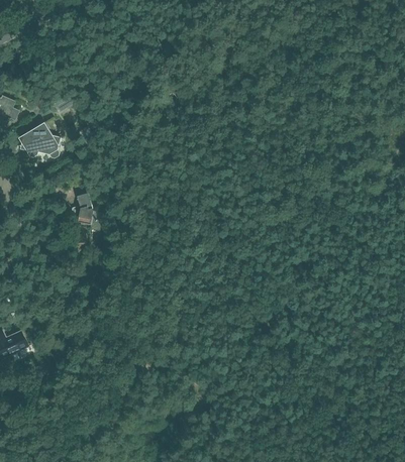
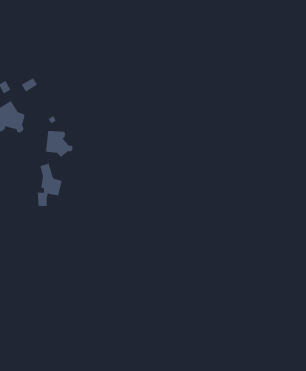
building: none -> [45,130,73,158]

